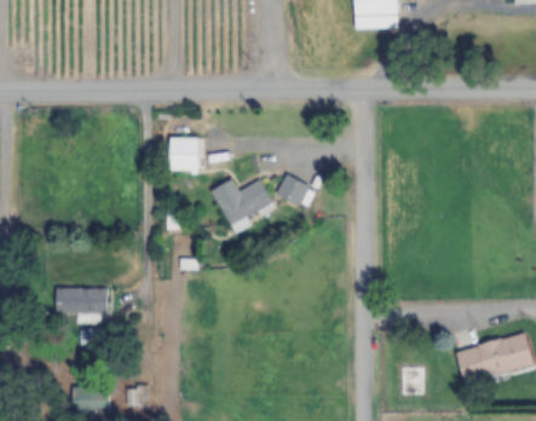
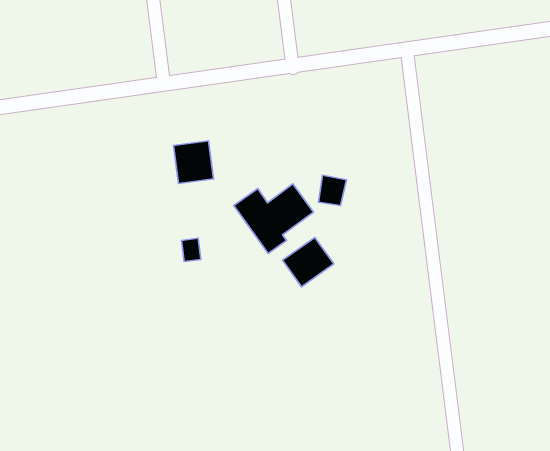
building: none -> [282,237,334,287]
building: [56,289,108,313] -> none

